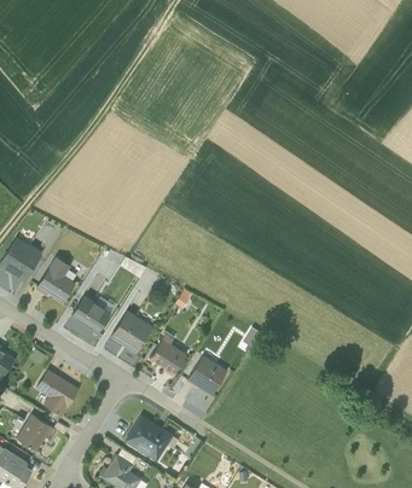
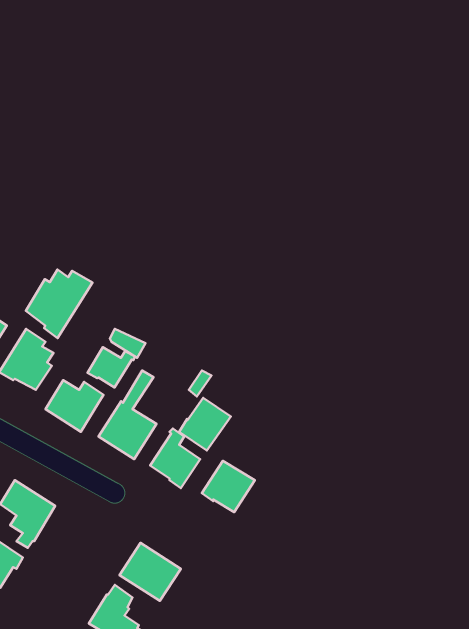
building: none -> [26,269,93,338]
building: none -> [87,347,135,387]
building: none -> [179,398,231,450]

